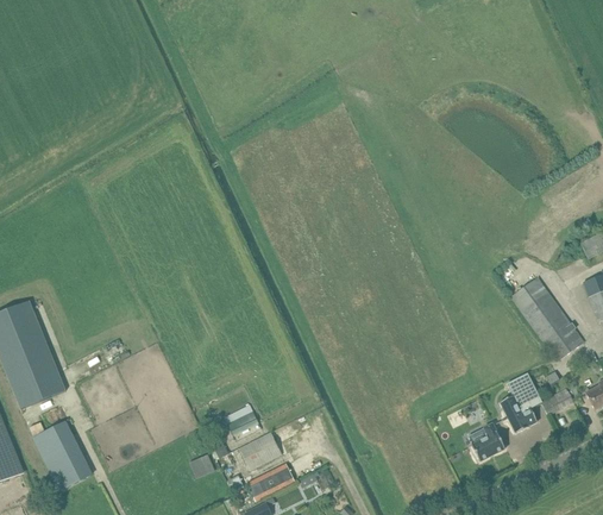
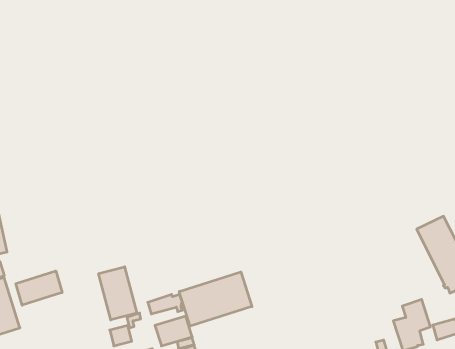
building: none -> [179,272,252,326]
building: none -> [99,267,137,320]
building: none -> [16,271,62,305]

